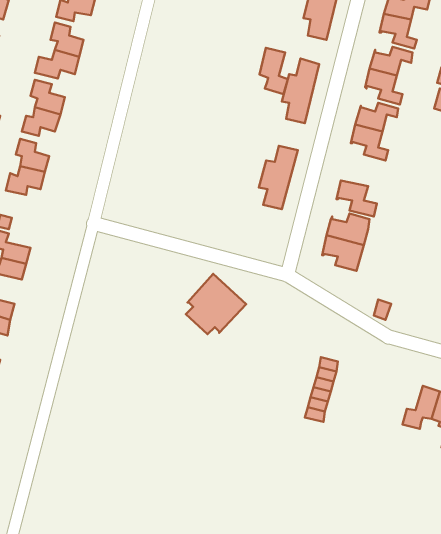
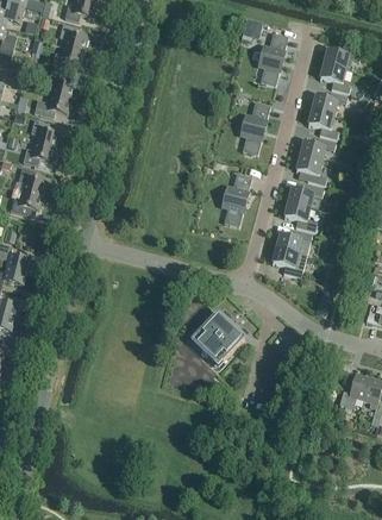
building: [259,48,288,94] -> none
building: none -> [288,184,324,209]
building: [186,274,246,334] -> [195,312,245,362]

